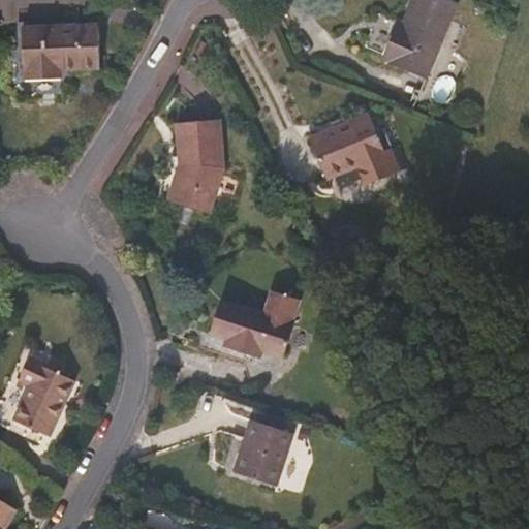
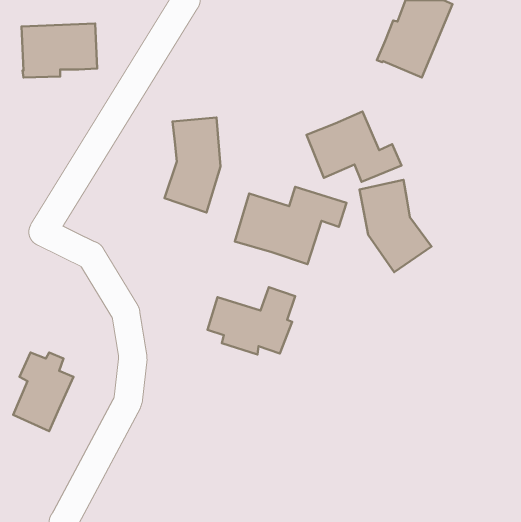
building: none -> [359,180,431,272]
building: none -> [235,187,347,264]
building: [234,419,292,487] -> none

